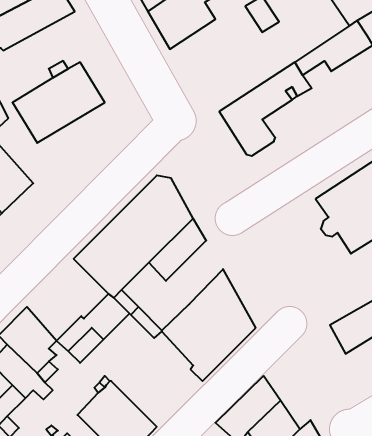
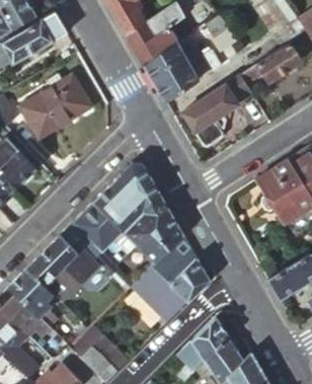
building: none -> [142,41,200,102]
building: none -> [139,213,183,262]
building: none -> [30,227,94,291]

